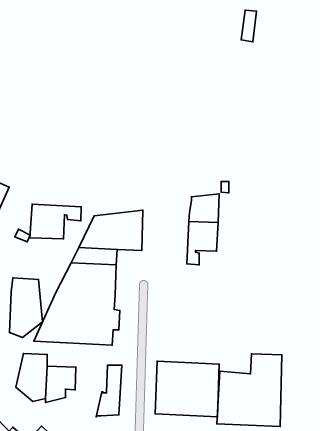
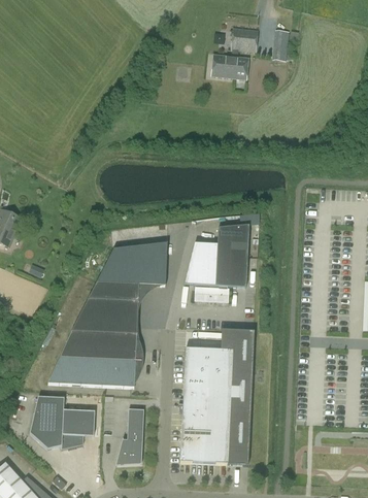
building: none -> [212,26,259,78]
building: [30,204,81,239] -> none
building: none -> [185,241,218,299]
building: [9,278,43,338] -> none
building: [217,354,282,427] -> [182,328,253,406]

